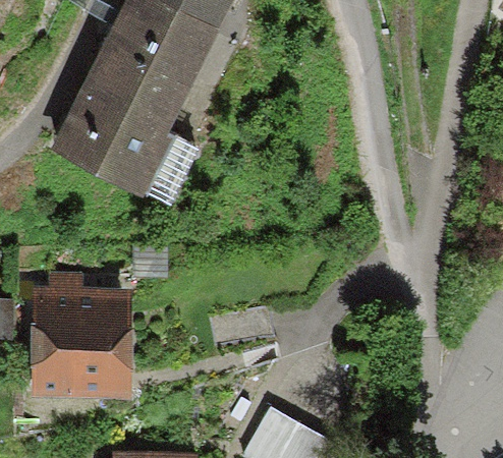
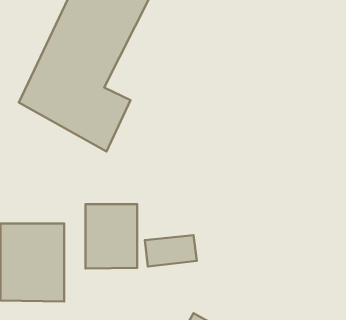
building: none -> [85,204,137,268]

